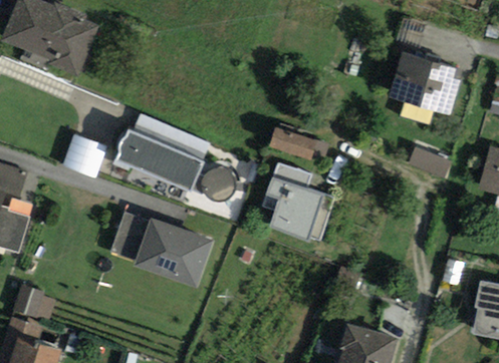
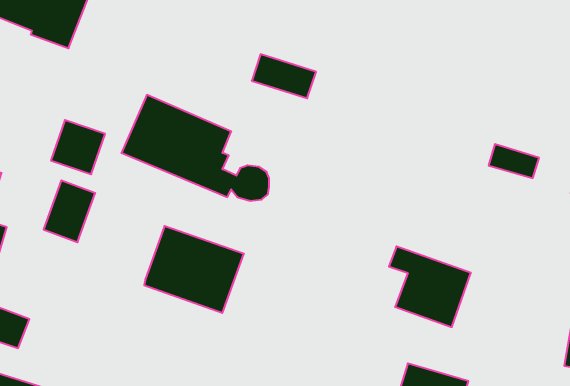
building: [386,52,459,114] -> none
building: [269,128,320,163] -> [252,54,316,98]
building: [269,175,334,240] -> [389,246,471,327]
building: [110,210,152,259] -> [44,180,95,242]

